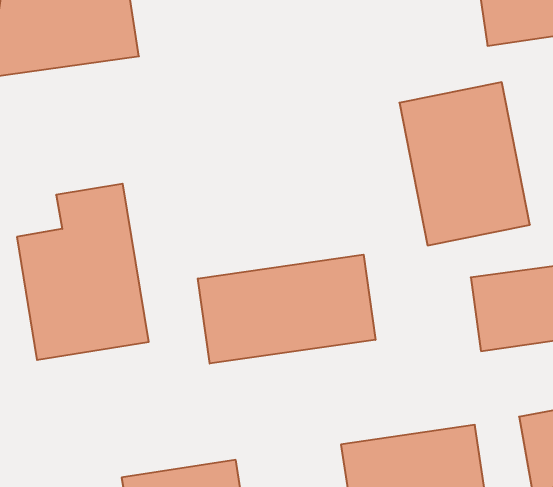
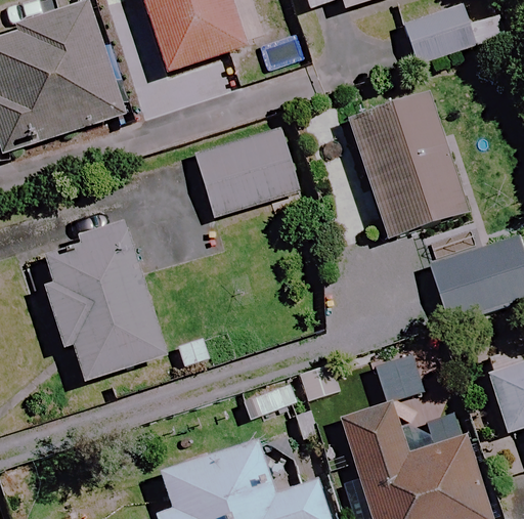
building: none -> [194,128,299,215]
building: [198,255,375,364] -> none

